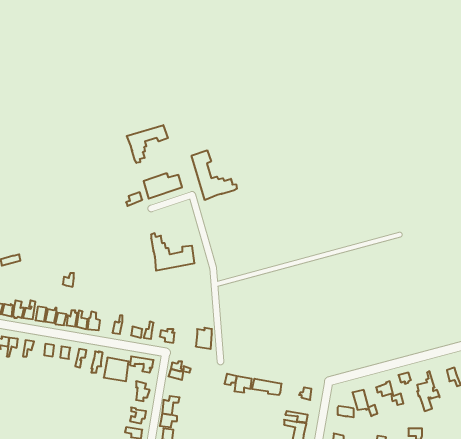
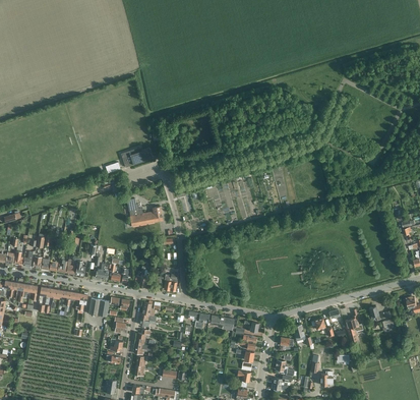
building: [127,125,168,163] -> none
building: [192,150,237,200] -> none

